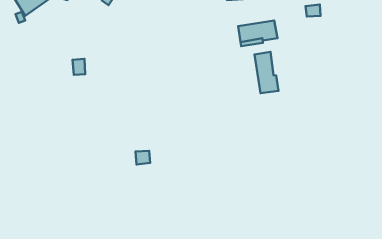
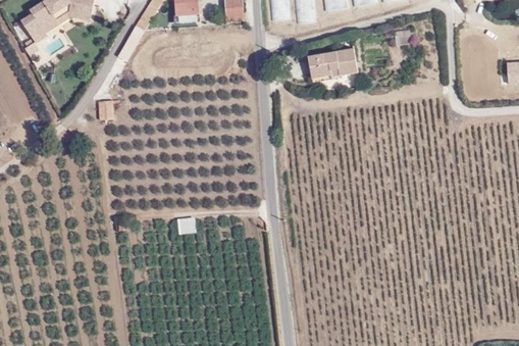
building: [254,52,278,93] -> none

